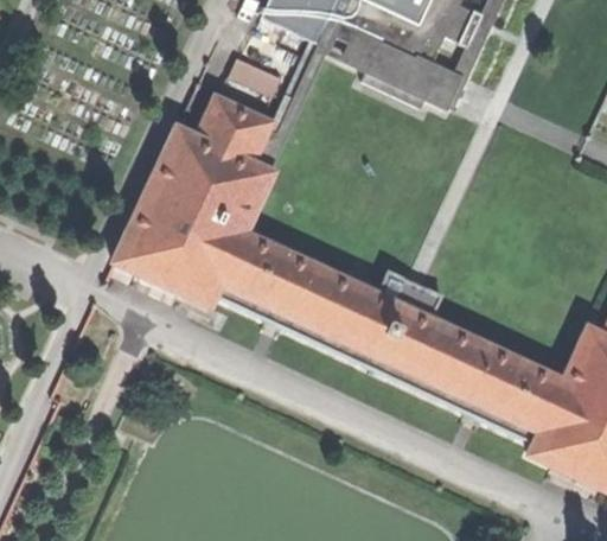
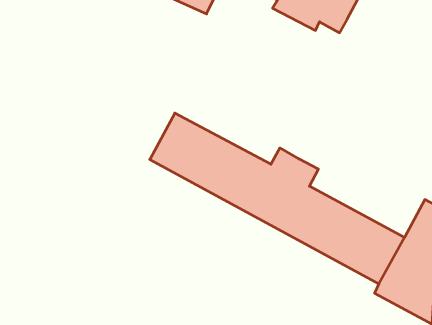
building: [113,90,271,303] -> none

